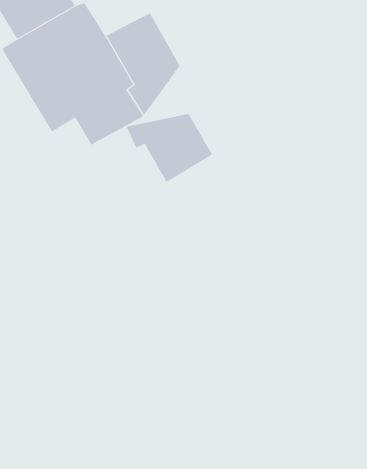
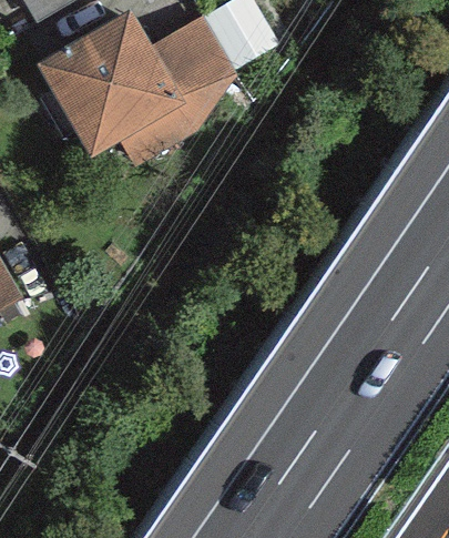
building: [126,113,213,183] -> none

